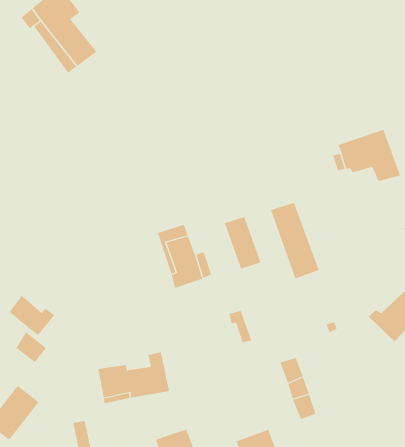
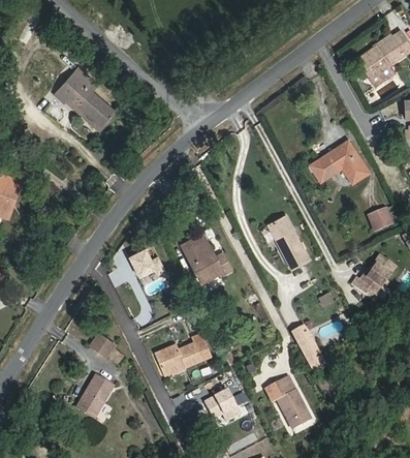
building: [224,216,261,269] -> none
building: none -> [128,248,160,276]
building: [9,295,55,336] -> none

